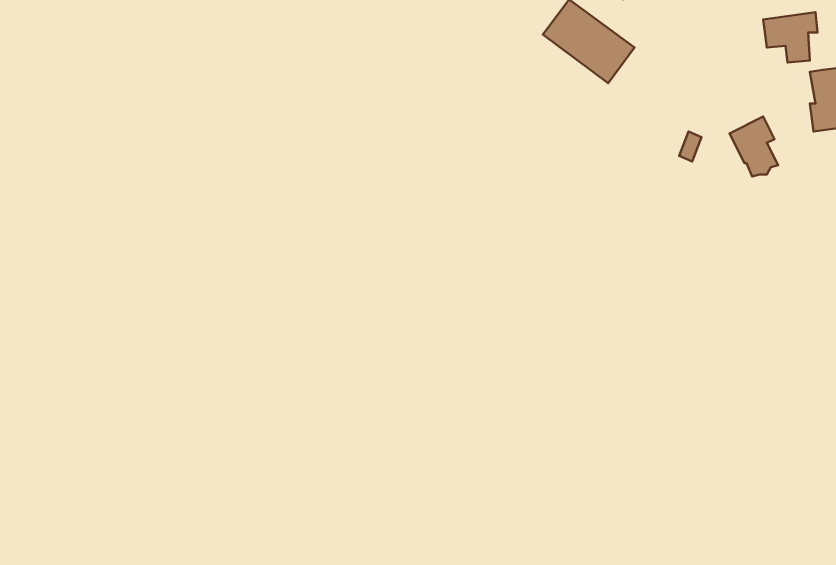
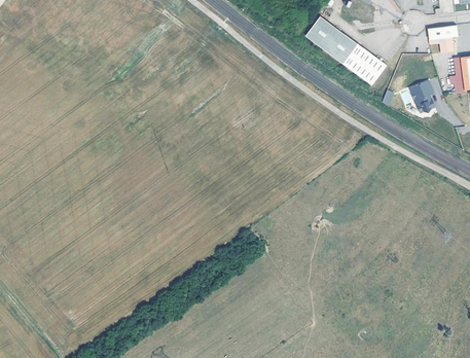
building: none -> [341,43,387,85]

